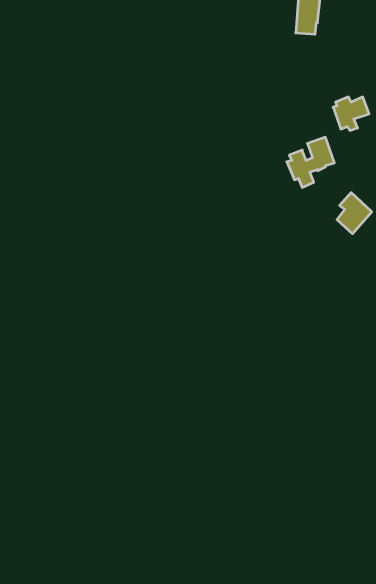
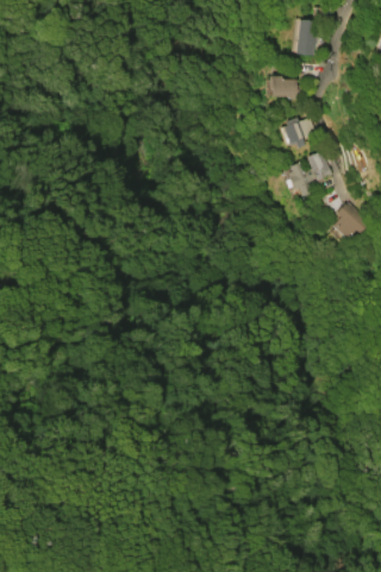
building: none -> [267,77,300,100]
building: [333,97,369,130] -> [281,118,314,149]

